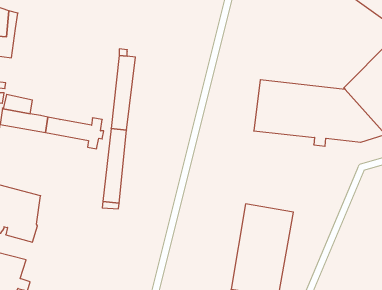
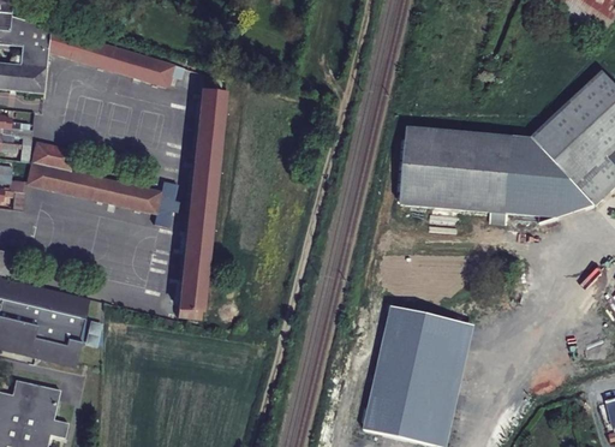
building: none -> [49,26,185,87]

